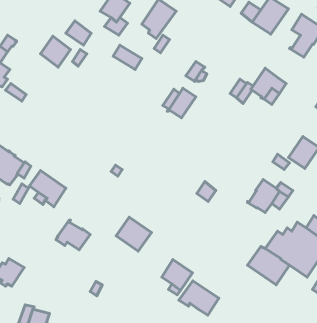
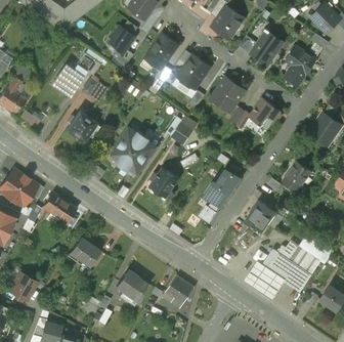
building: none -> [177,55,210,90]
building: none -> [211,77,245,112]
building: none -> [66,112,99,141]
building: none -> [110,128,156,174]
building: none -> [199,163,242,205]
building: none -> [148,168,178,199]
building: [116,217,151,251] -> [115,270,147,302]
building: [179,281,219,315] -> none

